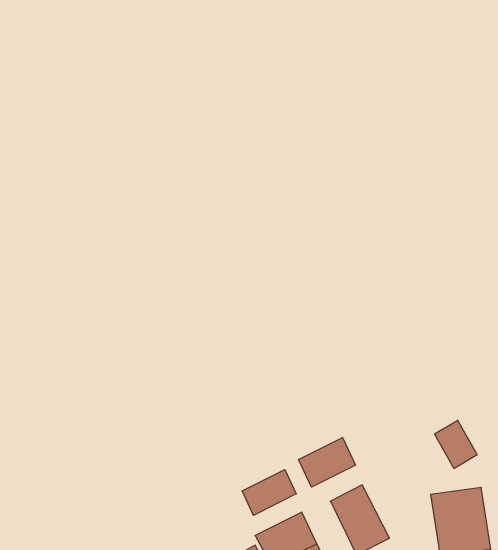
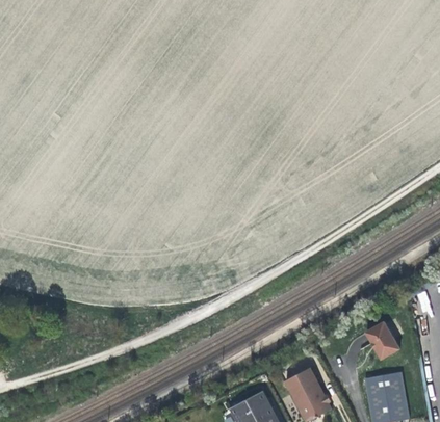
building: [298,437,355,487] -> none
building: [242,470,296,515] -> none

